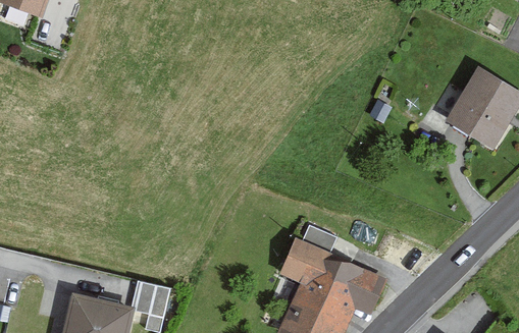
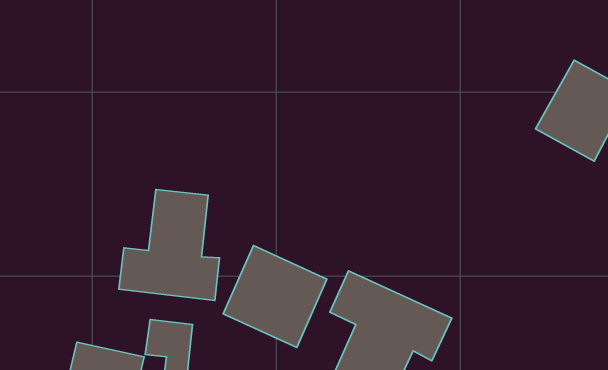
building: none -> [119,189,220,300]
building: none -> [223,246,327,348]

